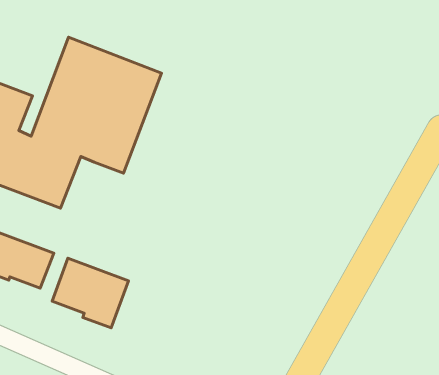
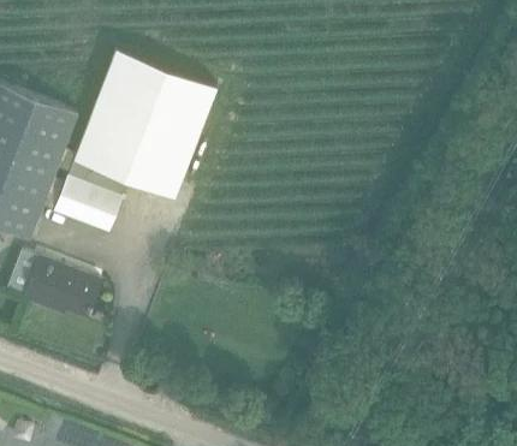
building: [52,258,128,328] -> none

